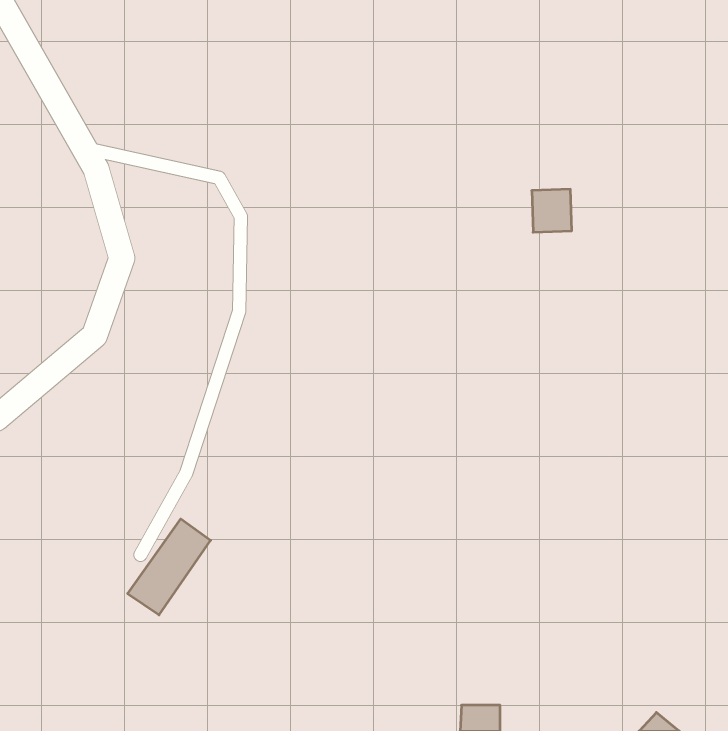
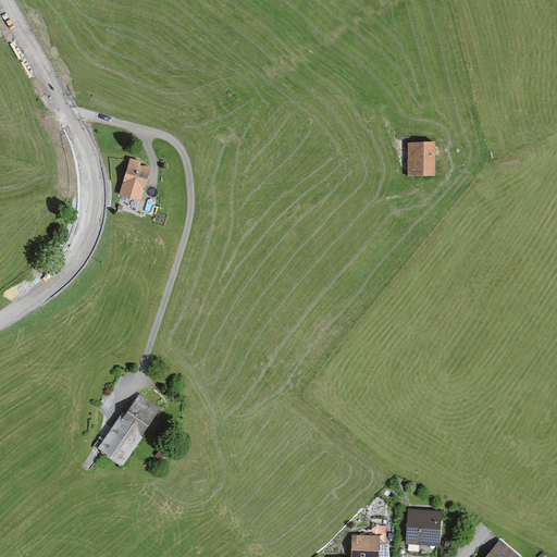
building: none -> [119,162,151,202]
building: none -> [406,509,443,543]

